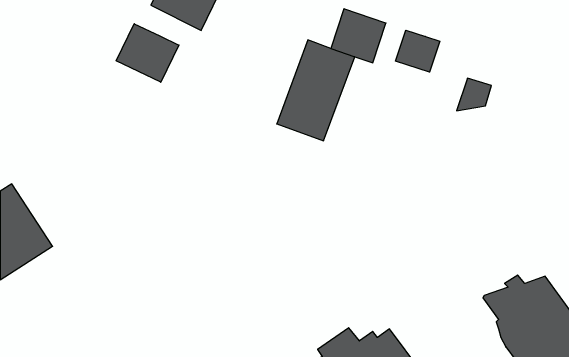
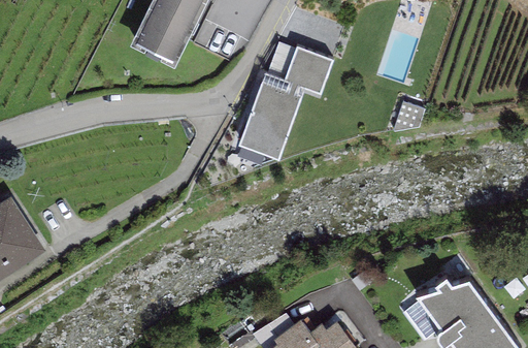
building: [116,24,179,82] -> none
building: [396,30,440,72] -> none

